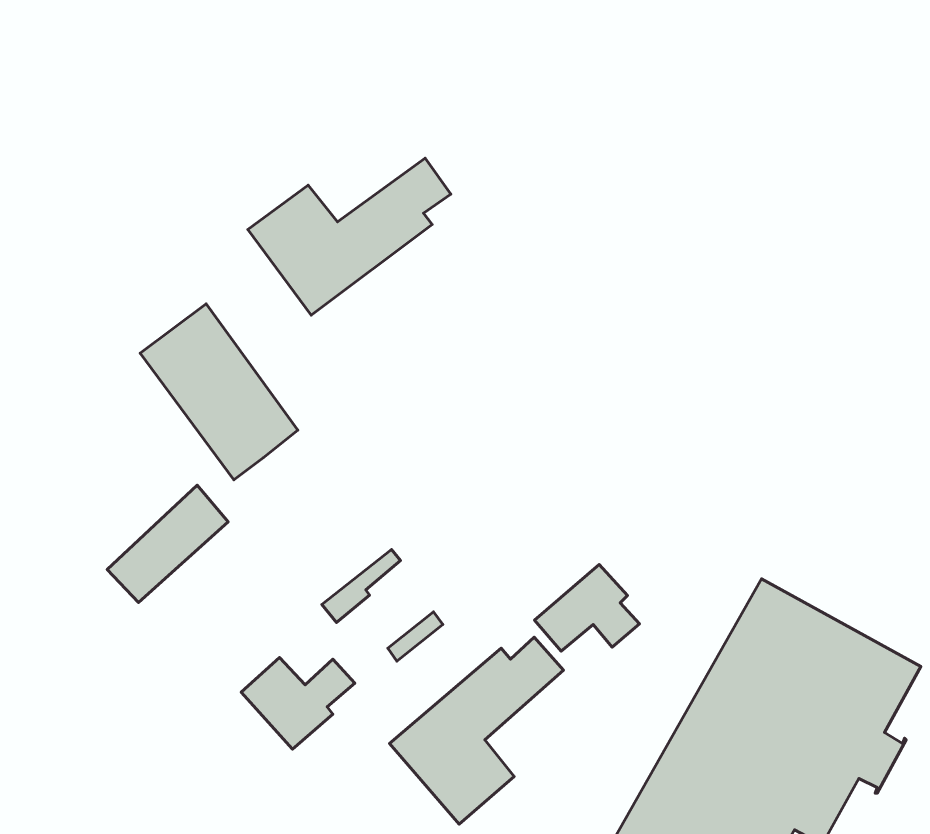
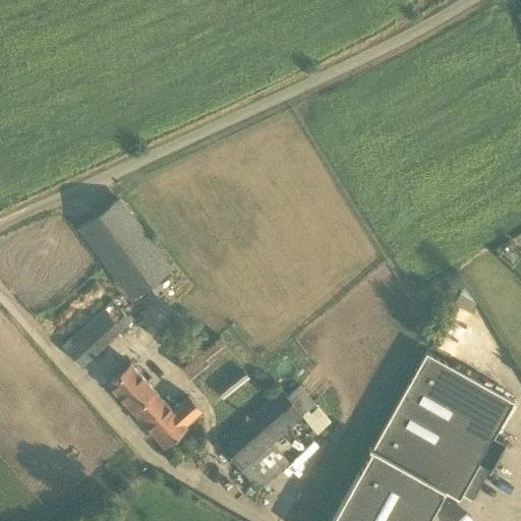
building: [248,158,451,315] -> none
building: [535,565,640,651] -> none
building: none -> [109,368,159,418]

